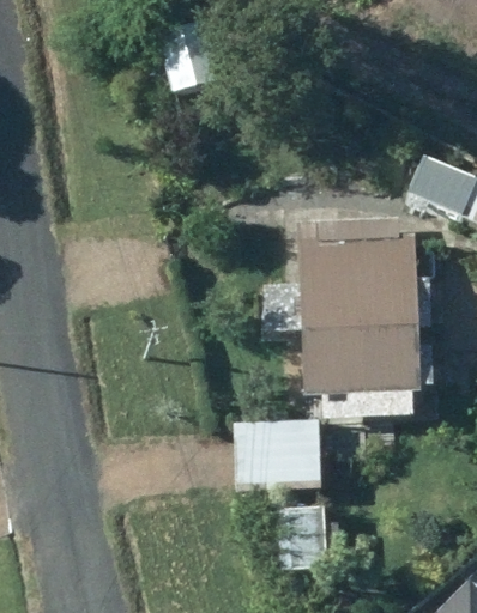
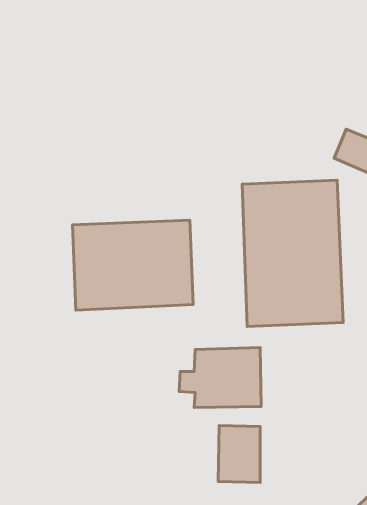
building: none -> [72,220,193,310]

